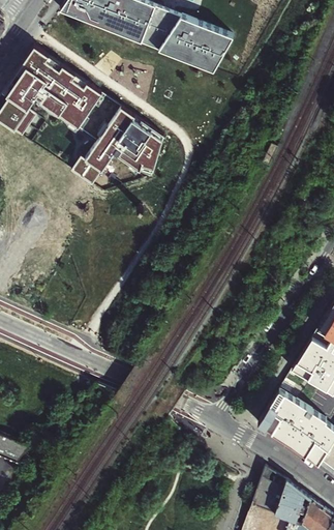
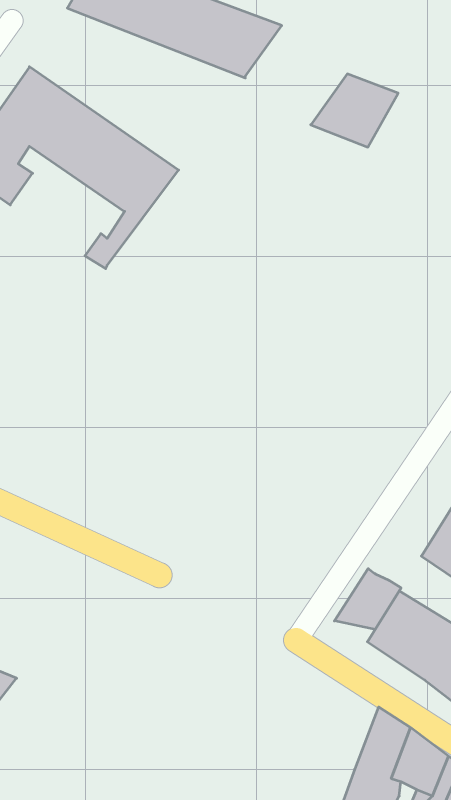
building: [178,22,235,69] -> [311,74,398,147]
building: [88,114,168,183] -> none
building: none -> [334,569,401,630]

